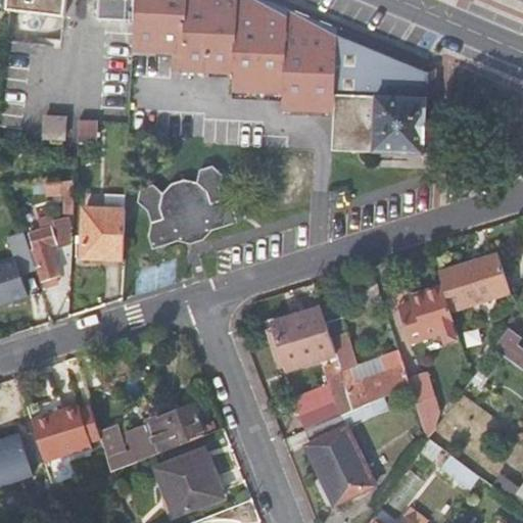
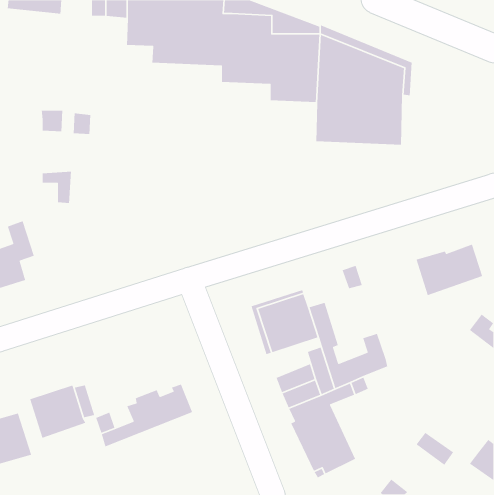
building: [135,167,237,249] -> none
building: [80,207,125,258] -> none
building: [27,221,70,279] -> none
building: [398,285,455,343] -> none
building: [407,372,438,438] -> none
building: [155,448,223,516] -> none

